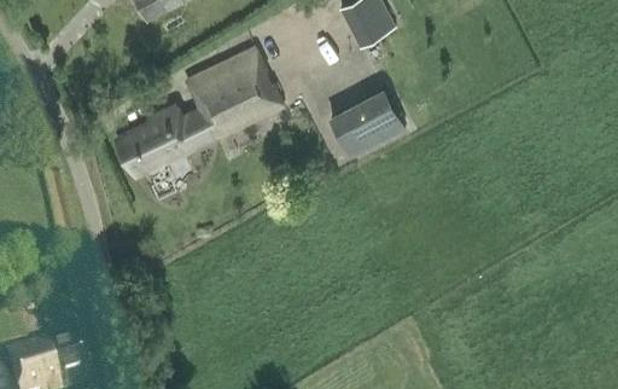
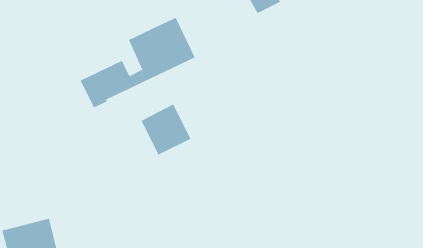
building: [340,83,419,153] -> none
building: none -> [141,104,191,156]

